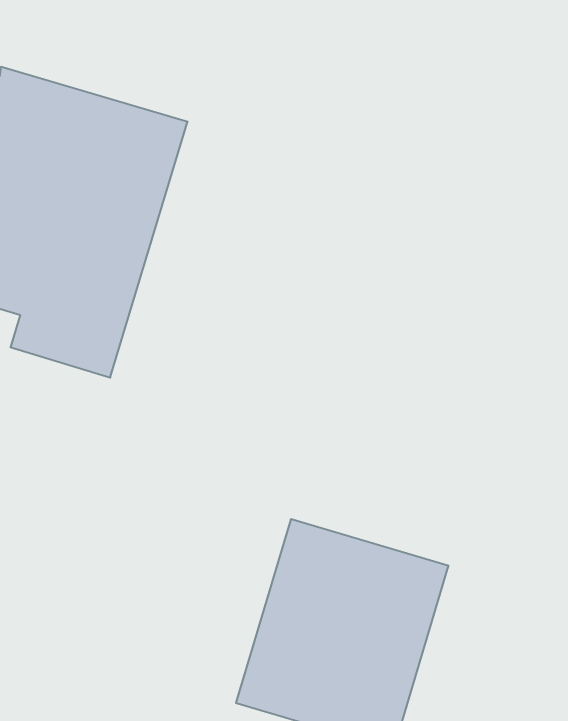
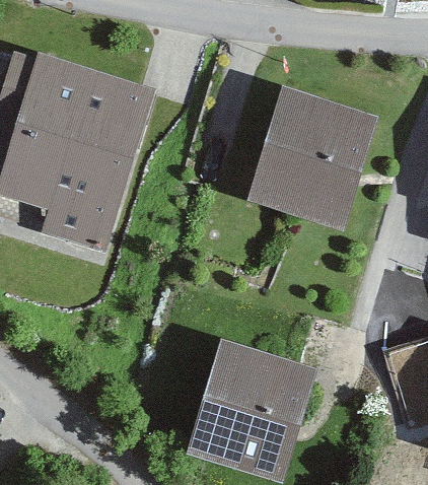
building: none -> [246,85,379,230]

